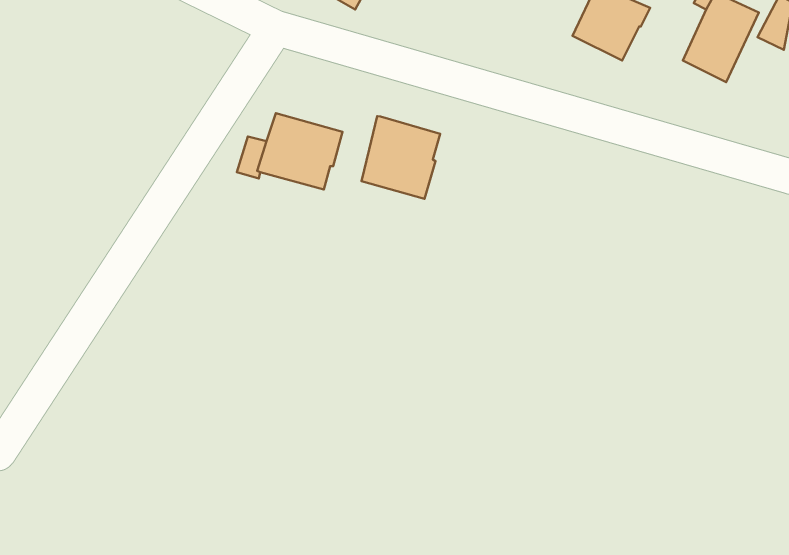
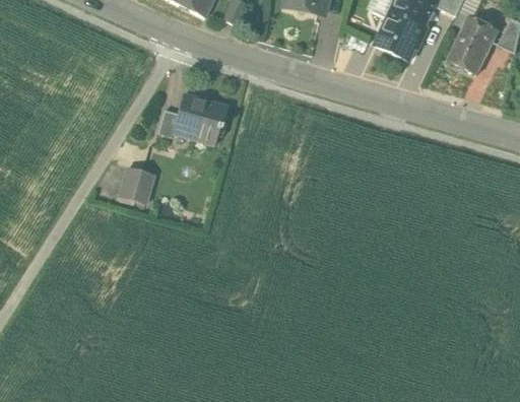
building: [362,116,440,199] -> none
building: none -> [119,166,153,204]

